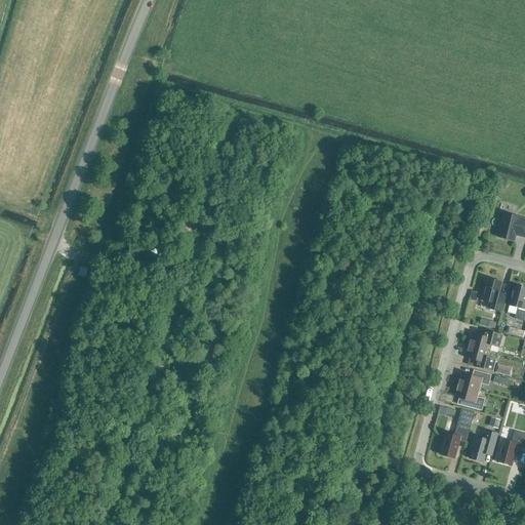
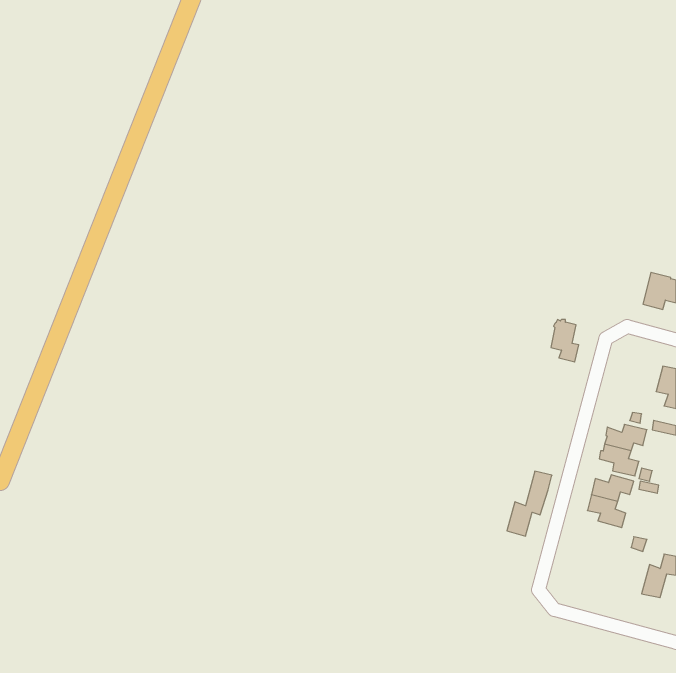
building: [482,277,503,310] -> [551,320,579,362]
building: [440,407,475,457] -> [507,471,552,536]
building: [470,430,498,460] -> none

